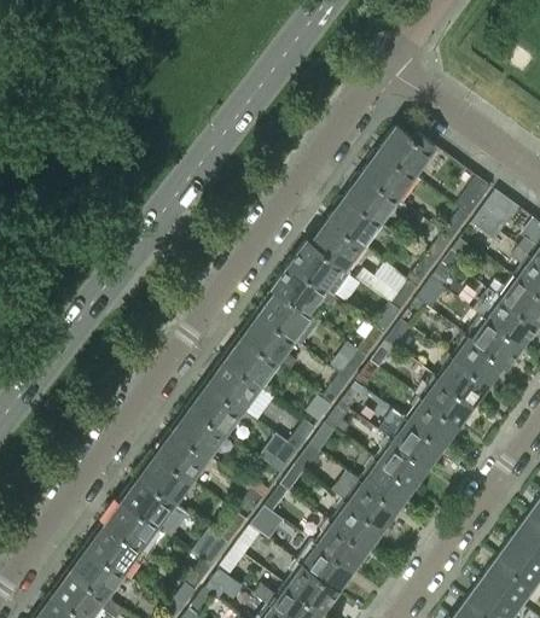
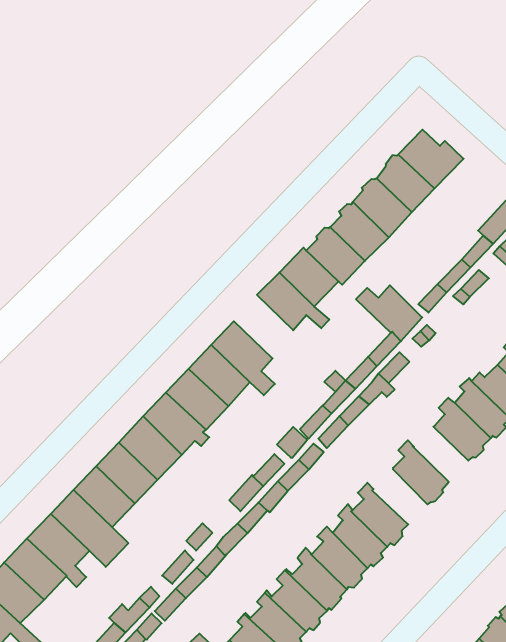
building: [255,286,310,339] -> none
building: [423,375,472,426] -> none
building: [393,415,442,467] -> none

